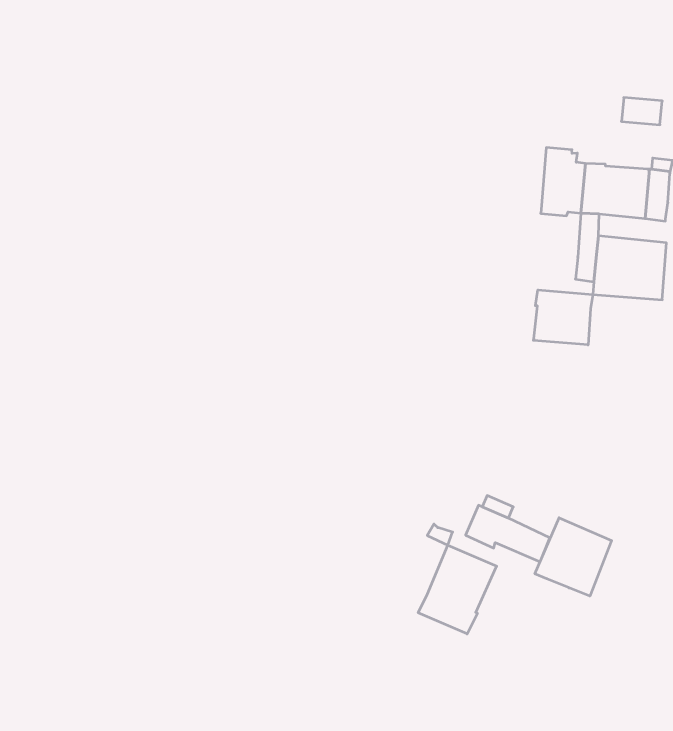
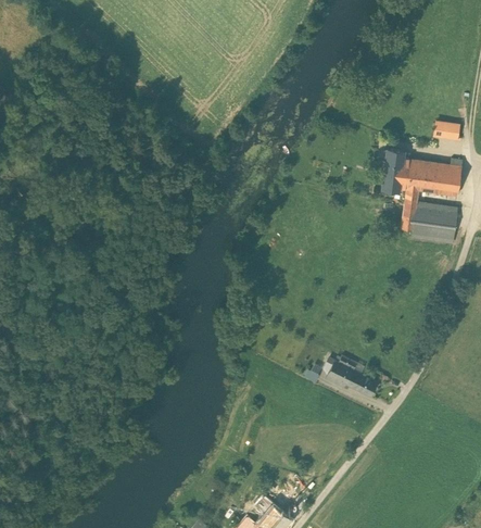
building: [533,290,593,345] -> none
building: [535,518,612,596] -> none
building: [418,545,497,634] -> none

